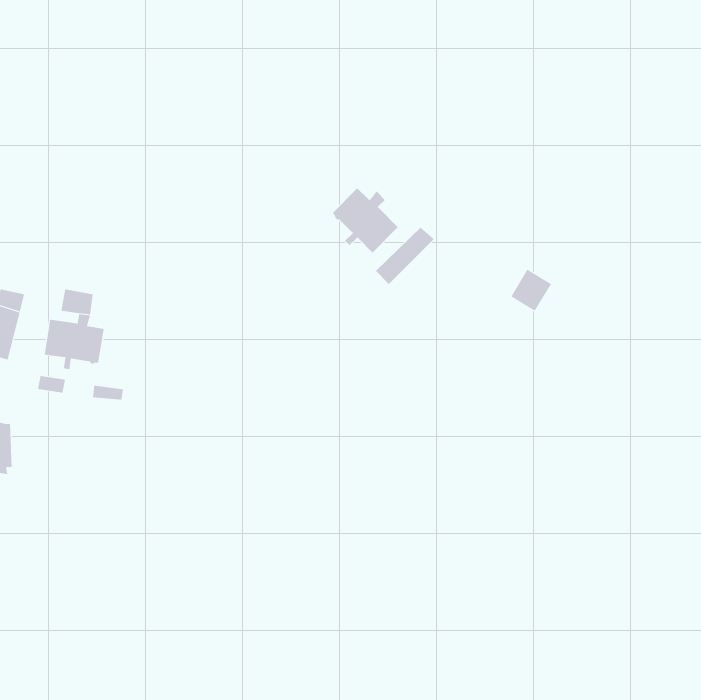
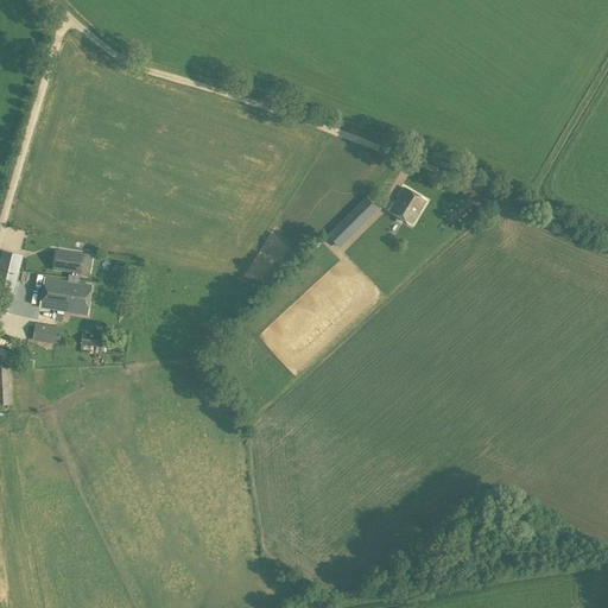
building: [332,188,399,253] -> none
building: [510,269,552,312] -> [388,186,424,223]

